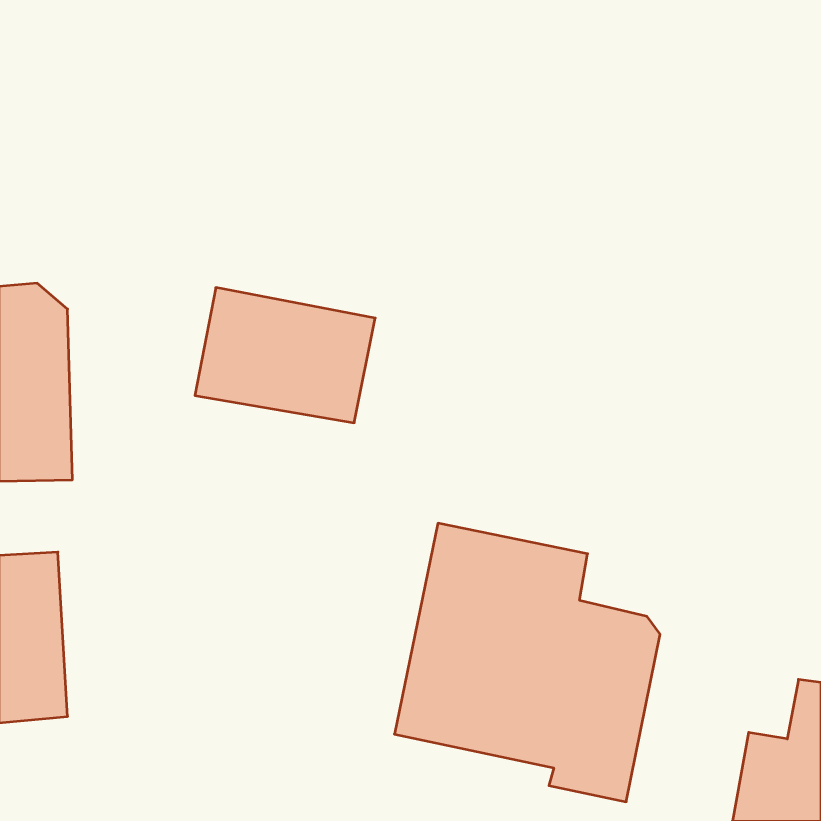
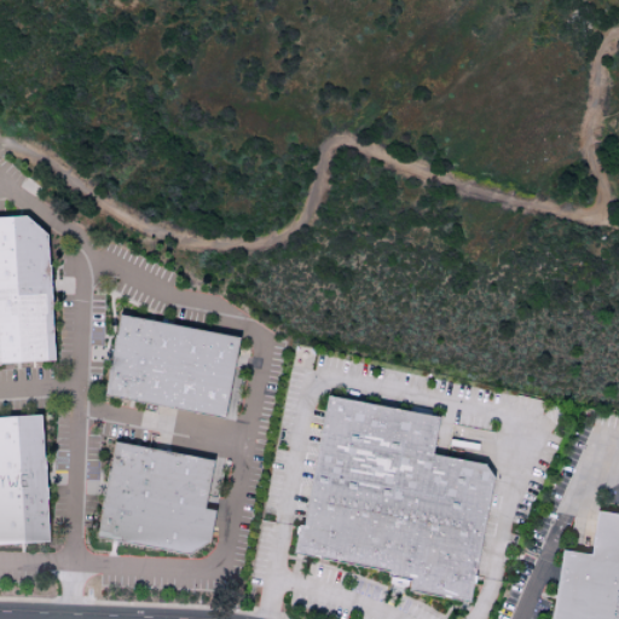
building: [195,288,375,423] -> [105,314,241,416]
building: none -> [97,440,215,556]

